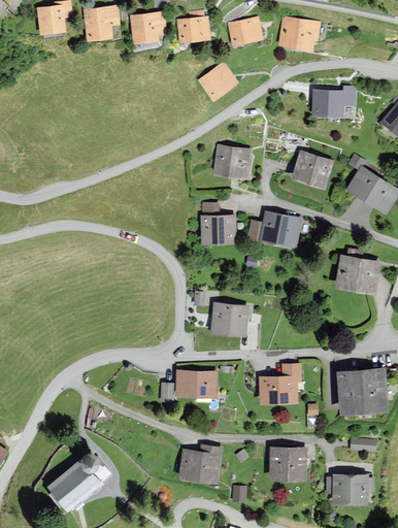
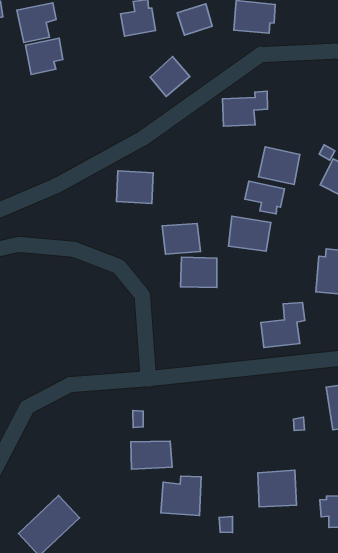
building: [131,11,164,42] -> [26,38,63,74]
building: [312,87,355,117] -> [223,91,268,126]
building: [214,145,250,177] -> [117,171,153,203]
building: none -> [245,181,285,214]
building: [211,303,246,333] -> [180,257,217,288]
building: [261,363,301,401] -> [261,303,305,347]
building: [177,370,214,396] -> [131,441,172,469]

